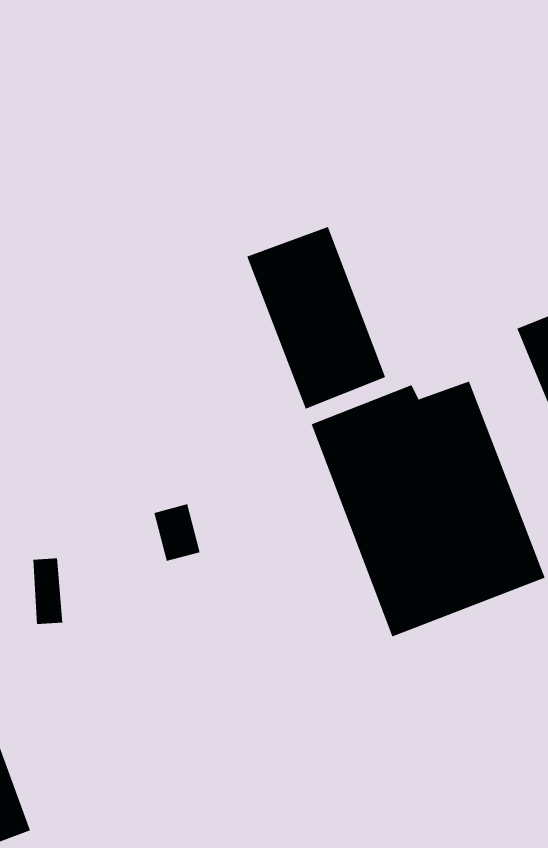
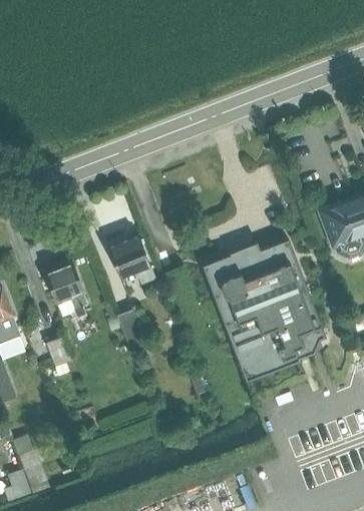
building: [246,226,386,409] -> none
building: none -> [106,231,151,280]
building: none -> [46,261,86,309]

